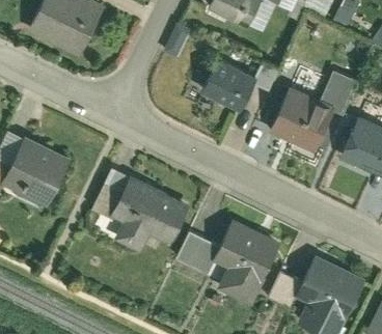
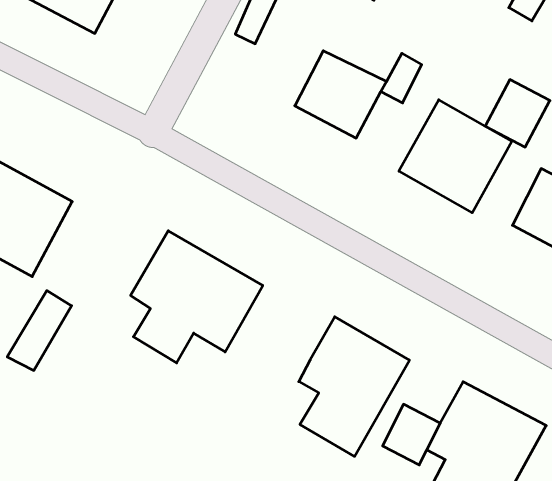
building: [93,165,131,214] -> [7,291,72,370]
building: [176,231,221,276] -> none

